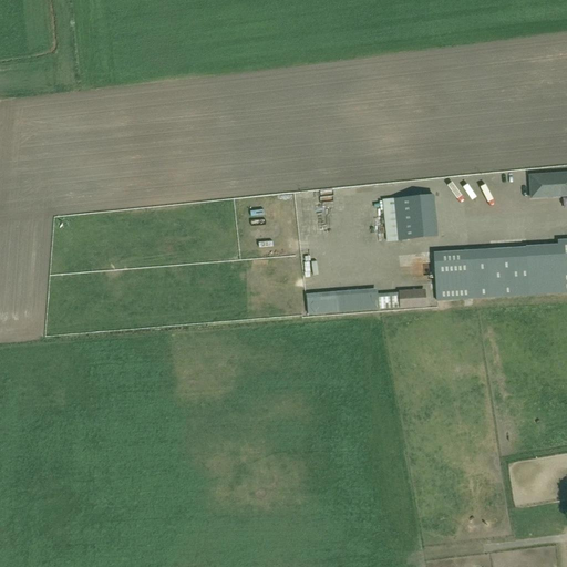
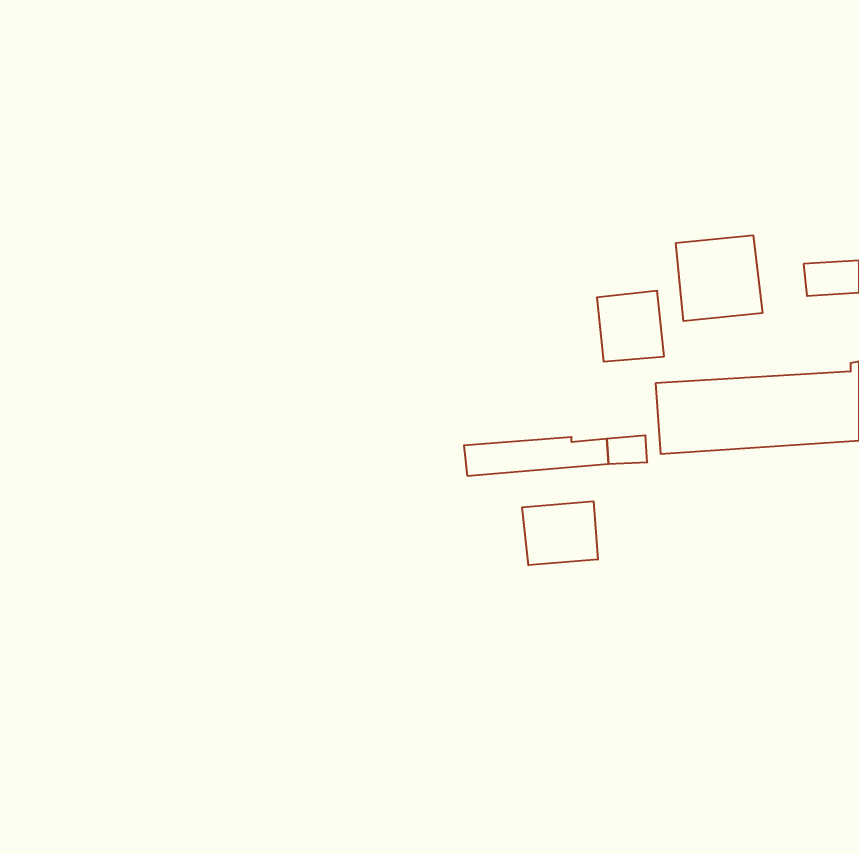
building: none -> [676,235,762,321]
building: none -> [522,501,598,565]

